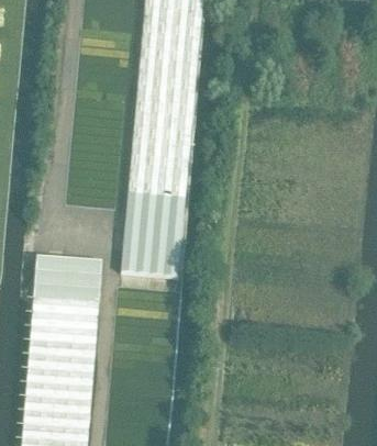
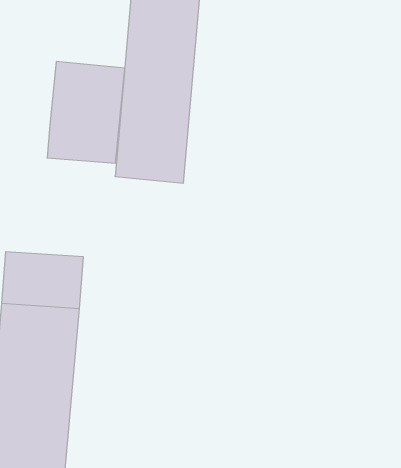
building: [122,191,187,276] -> [47,61,125,163]

